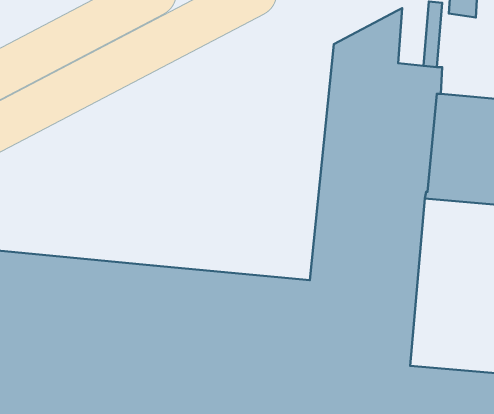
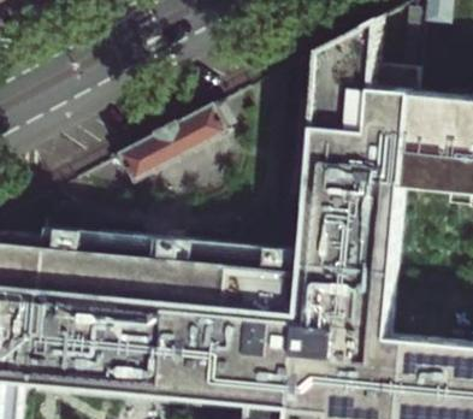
building: none -> [85,100,229,193]

